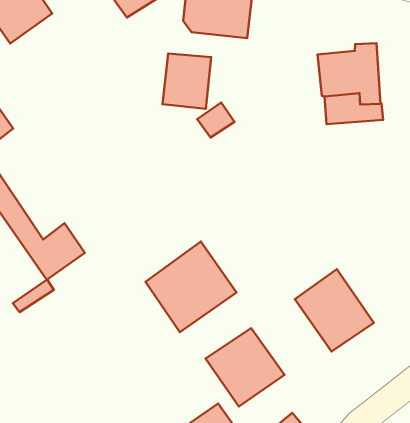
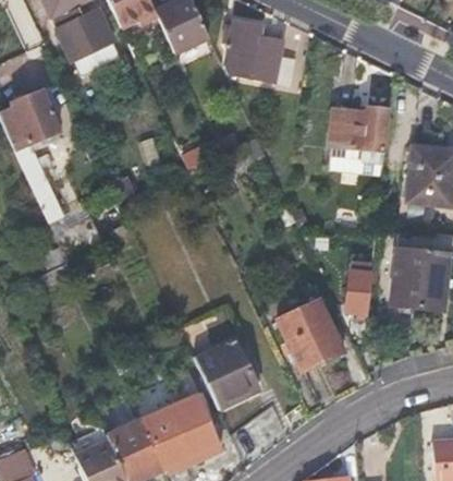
building: [162,54,211,109] -> none
building: none -> [346,272,372,314]
building: [146,242,237,332] -> none

